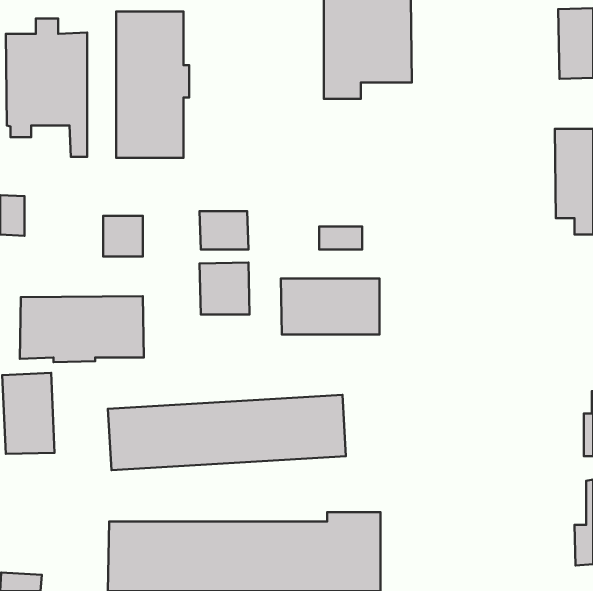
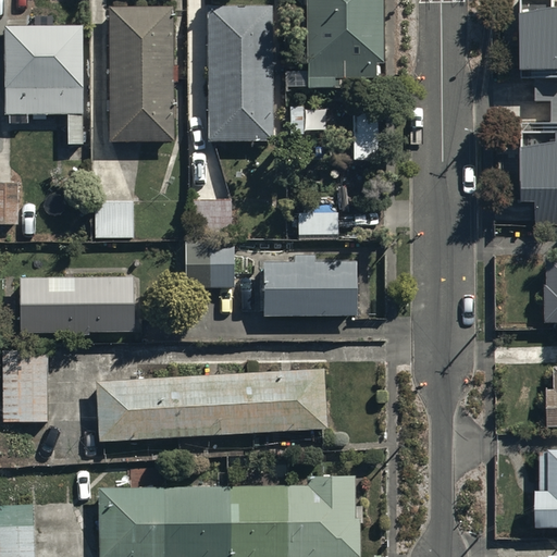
building: none -> [208,4,270,144]

